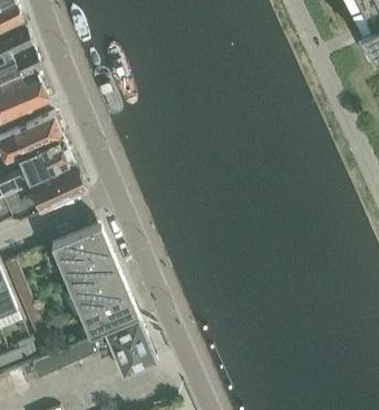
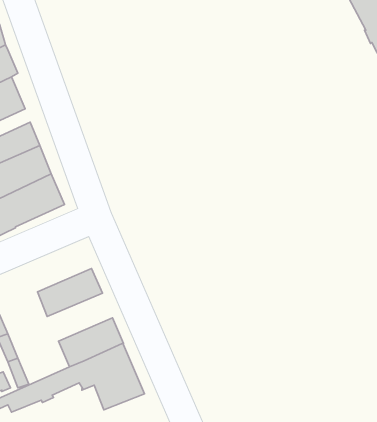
building: [51,225,110,269] -> none
building: [70,270,129,313] -> none

